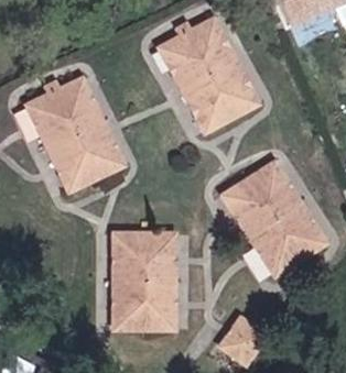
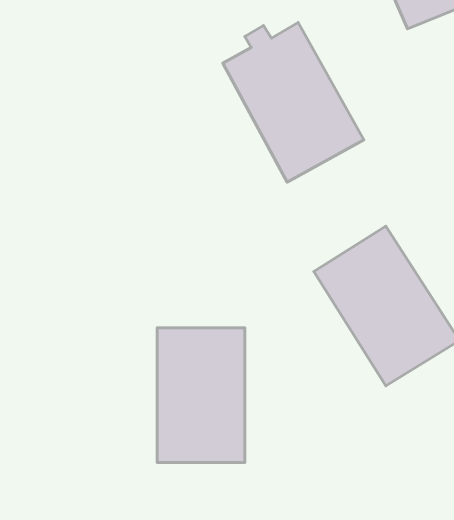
building: [28,77,123,190] -> none
building: [221,318,266,363] -> none

